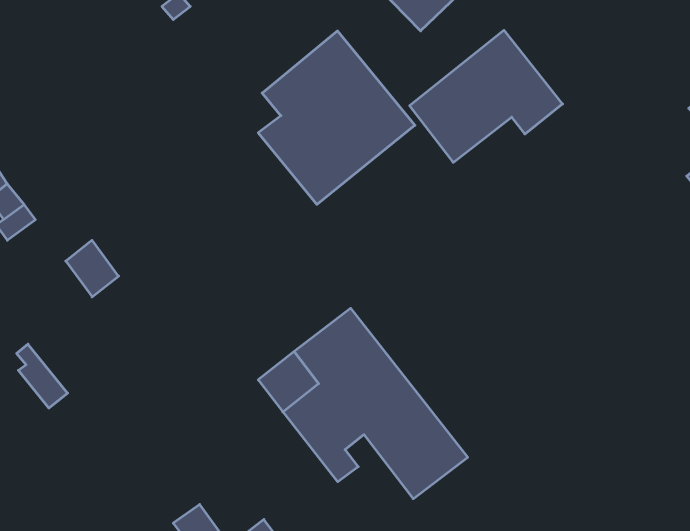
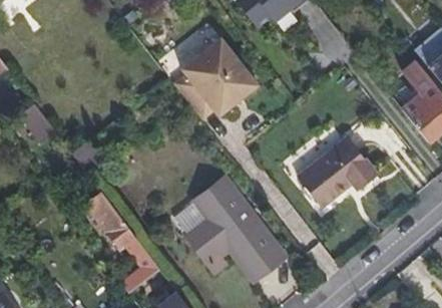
building: [410,30,563,162] -> [297,136,378,207]
building: none -> [85,192,159,293]

